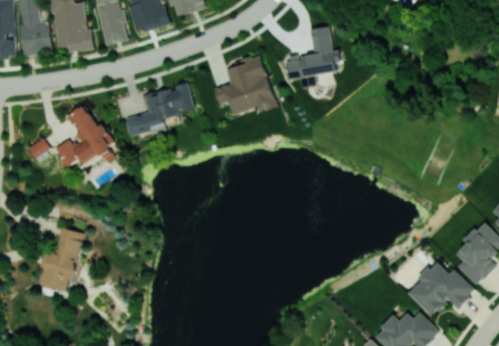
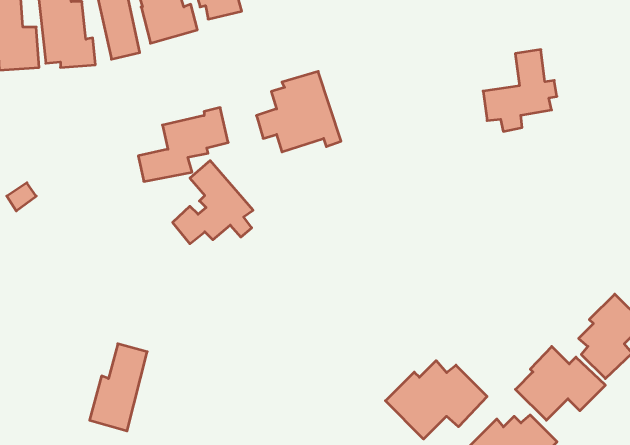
building: [286,26,341,88] -> [483,50,557,131]
building: [54,105,115,167] -> [173,161,253,244]
building: [39,227,82,293] -> [90,344,147,431]
building: none -> [385,361,487,439]

